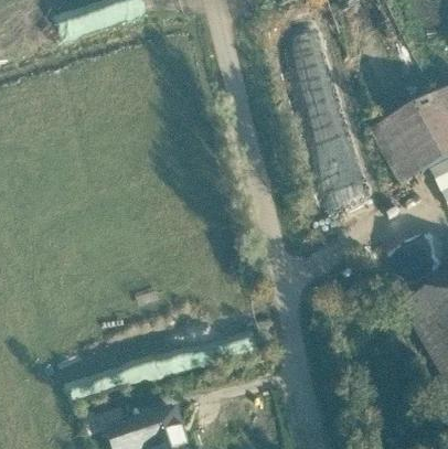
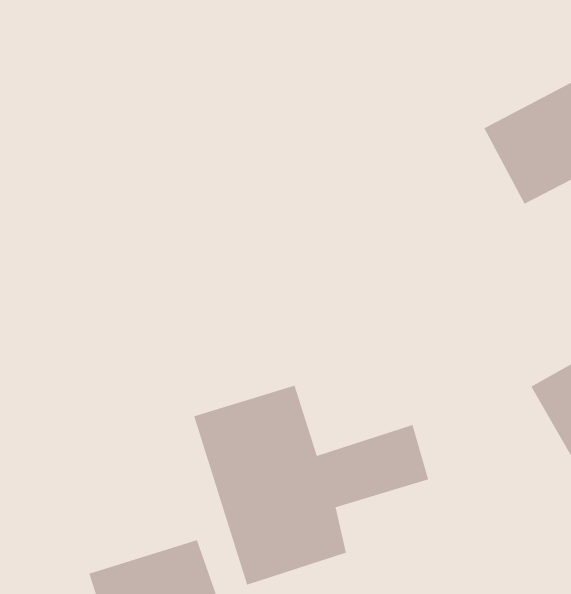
building: none -> [194,385,429,585]

